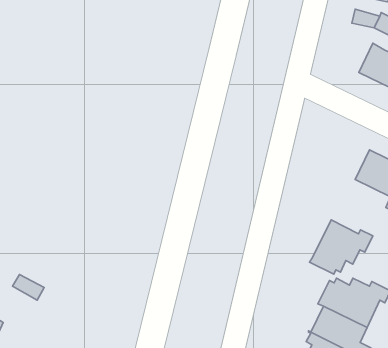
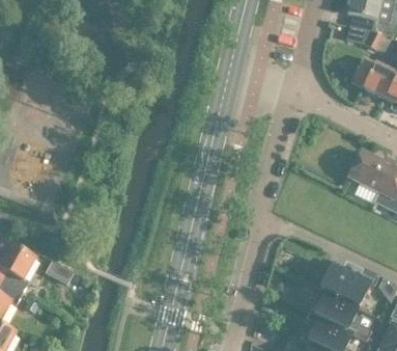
building: [310,220,373,274] -> none

